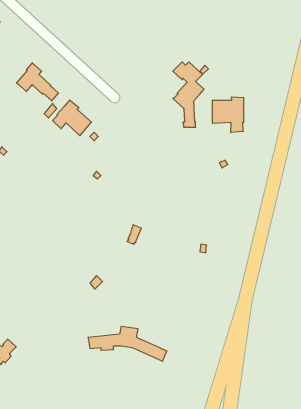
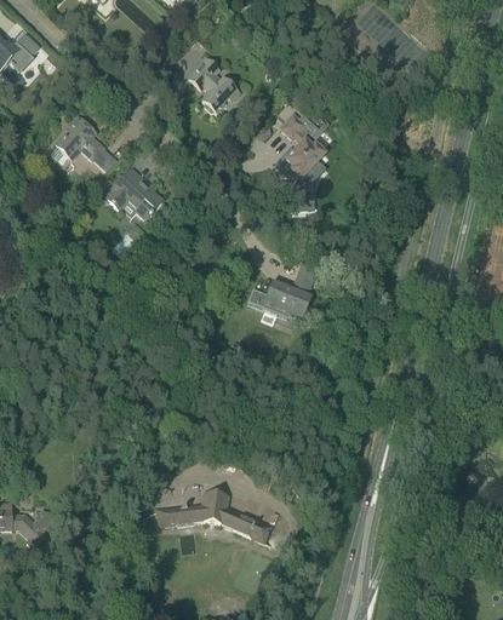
building: none -> [188,58,239,114]
building: [213,97,244,133] -> none
building: none -> [247,262,318,318]

